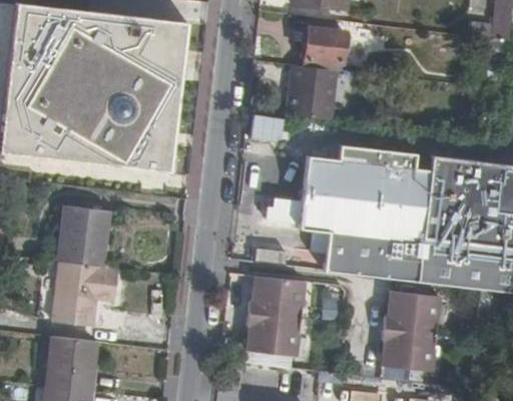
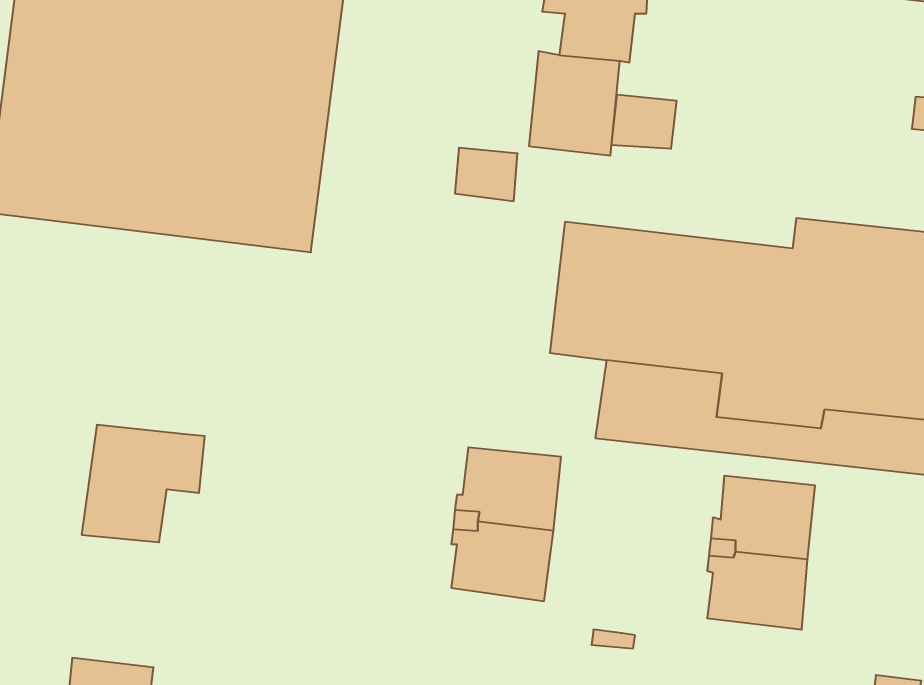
building: none -> [611,95,676,149]
building: [59,204,112,268] -> none
building: [46,337,95,391] -> none

